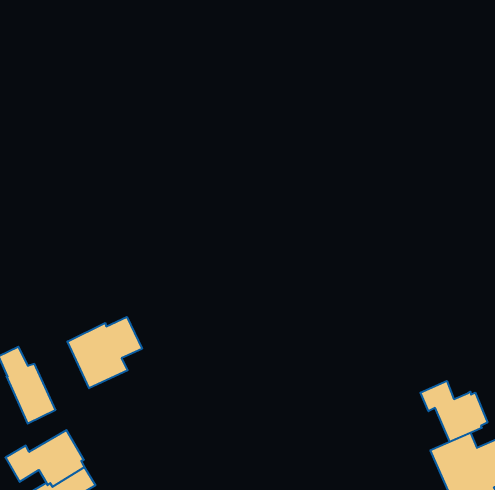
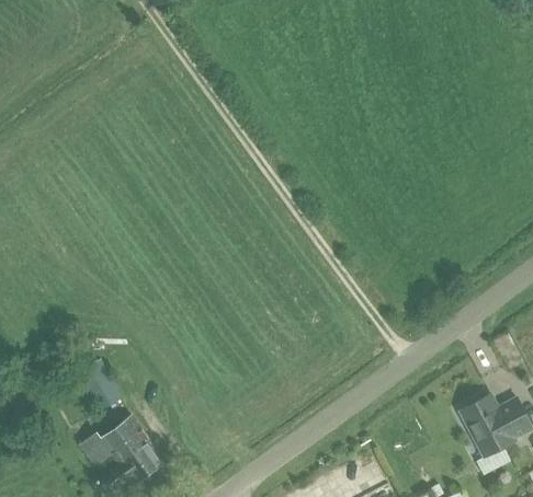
building: [67,317,142,388] -> none
building: [420,381,487,442] -> none

